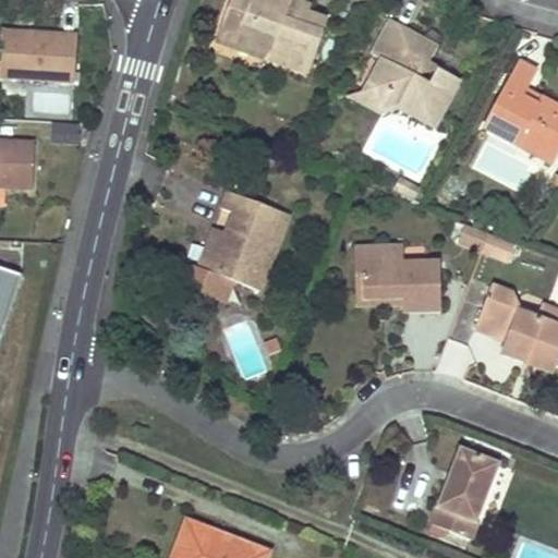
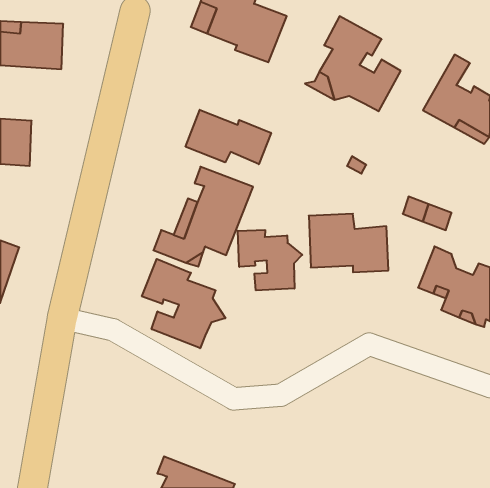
building: none -> [186,110,271,164]
building: none -> [238,230,302,290]
building: none -> [142,259,225,348]
building: [430,452,500,543] -> none

